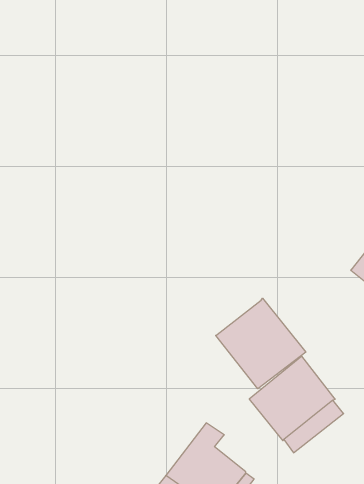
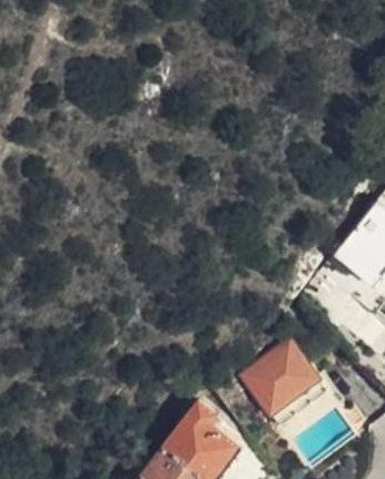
building: [216,298,306,389] -> none

